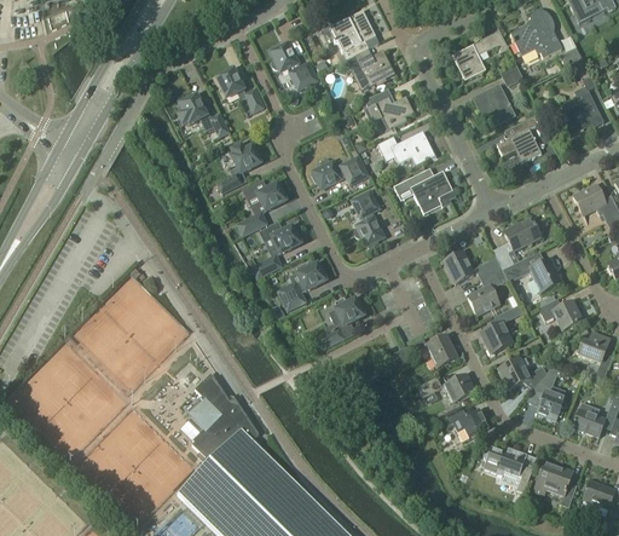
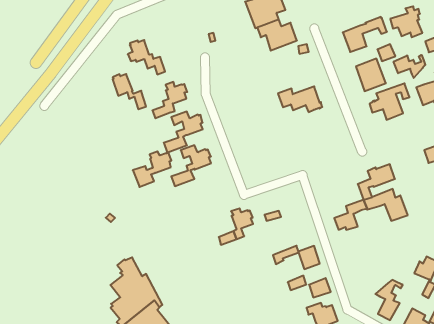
building: [271,41,318,90] -> none
building: [216,69,264,113] -> [113,74,146,109]
building: none -> [394,55,425,78]
building: [364,88,413,129] -> none
building: [313,155,369,188] -> none
building: [393,169,455,212] -> none
building: [351,190,383,247] -> none
building: [444,249,503,283] -> none
building: [277,263,325,311] -> [133,151,171,187]
building: [538,294,582,329] -> none
building: [481,309,514,353] -> none
building: [498,358,546,388] -> none

